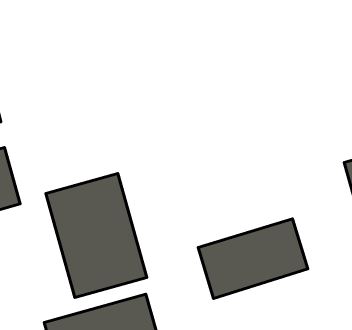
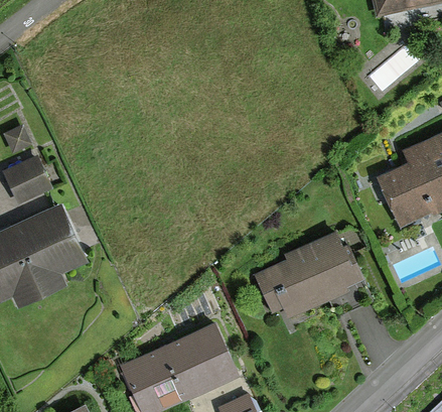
building: [46,174,147,297] -> none

